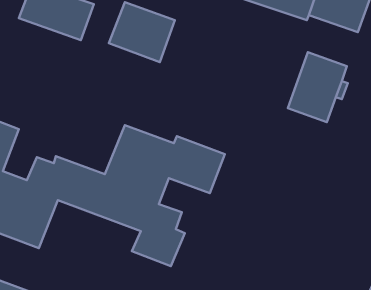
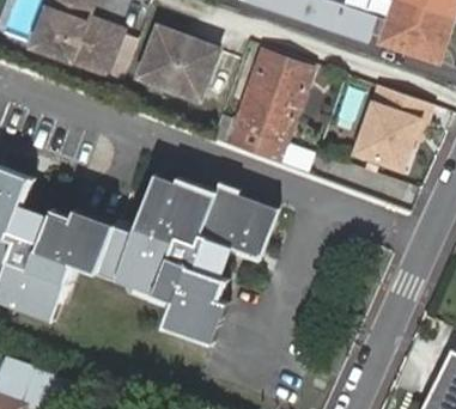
building: none -> [226,50,312,165]

